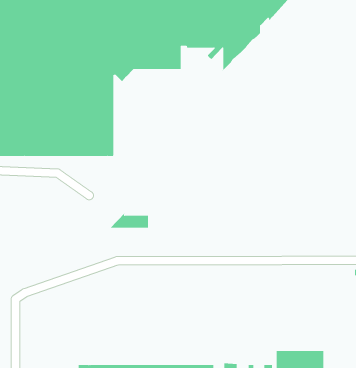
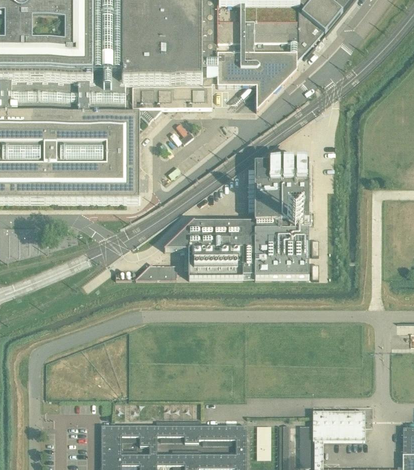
building: none -> [162,162,307,279]

